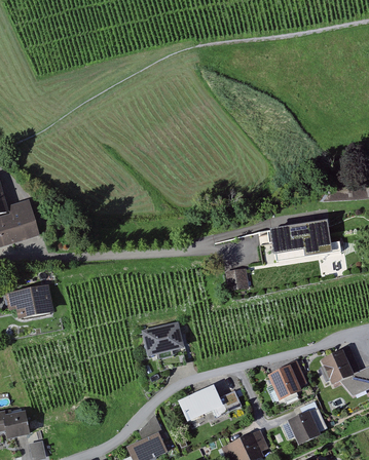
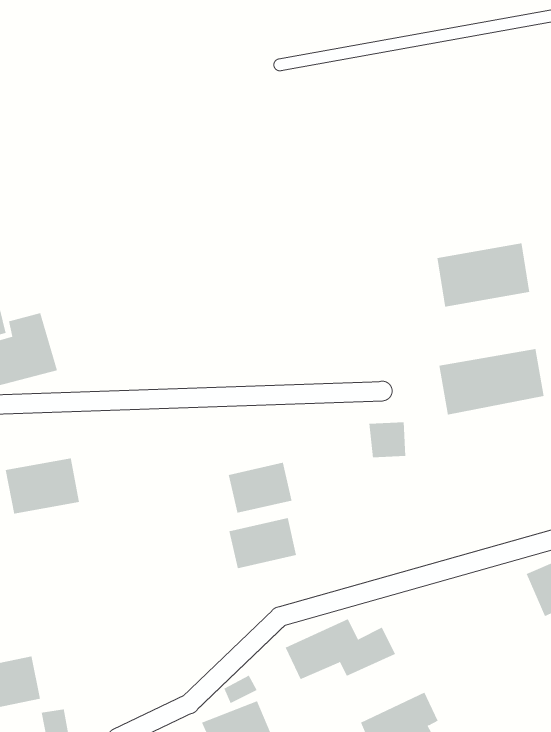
building: none -> [437,243,530,308]
building: none -> [228,462,292,514]
building: [269,360,307,396] -> none
building: [289,411,321,443] -> none

